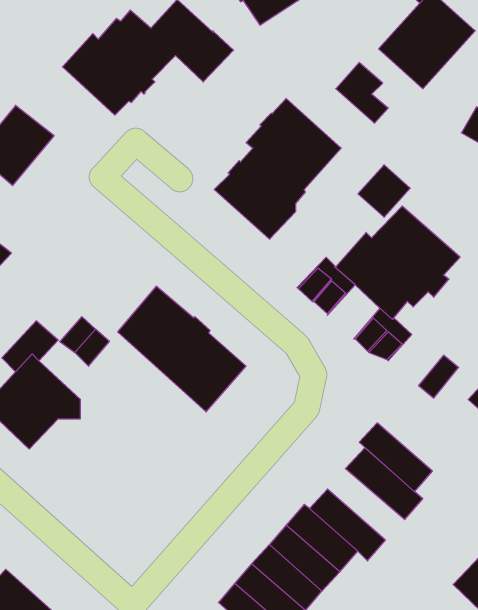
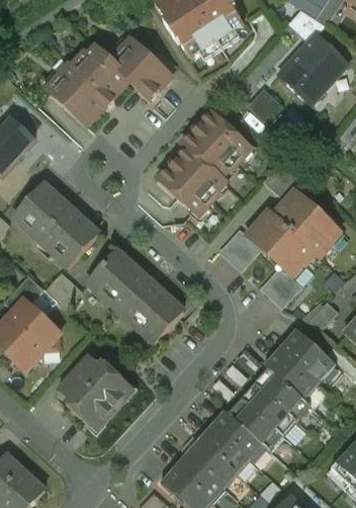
building: none -> [13,183,97,265]
building: none -> [277,328,336,385]
building: none -> [57,357,124,426]
building: none -> [241,383,297,435]

